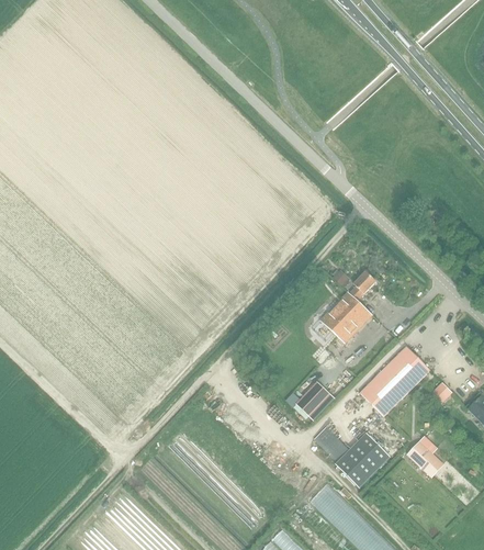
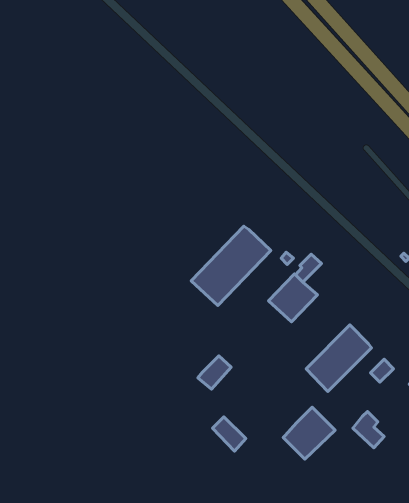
building: none -> [191,226,271,305]
building: [295,381,330,416] -> [198,356,231,389]
building: [315,426,350,462] -> [212,417,246,451]

